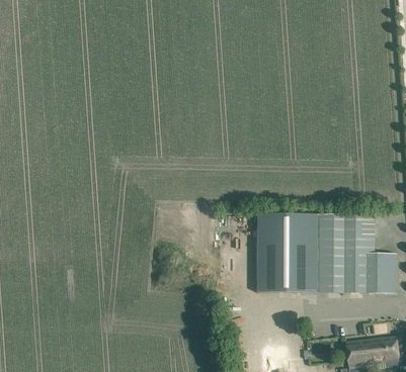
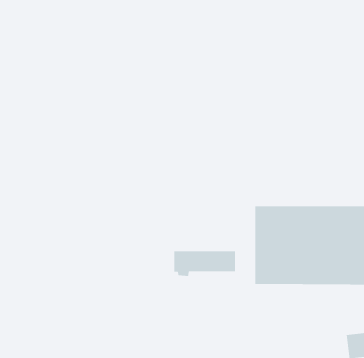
building: none -> [174,250,236,277]

